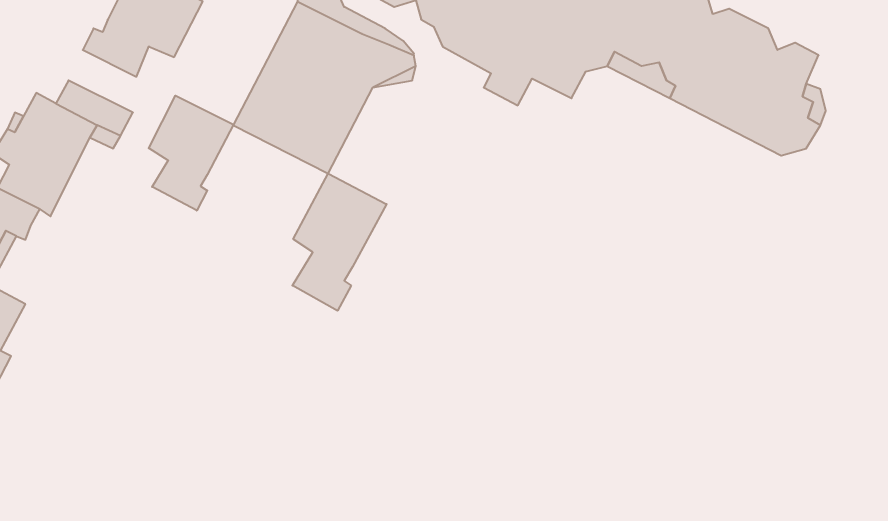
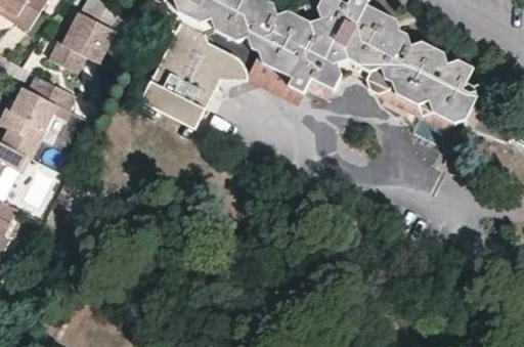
building: [149,96,233,211] -> none
building: [292,173,387,311] -> none

